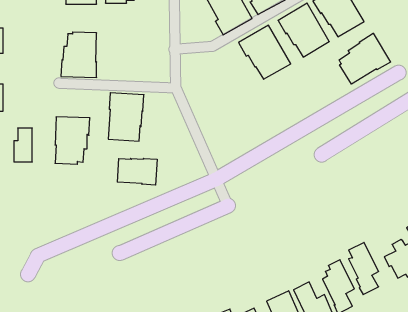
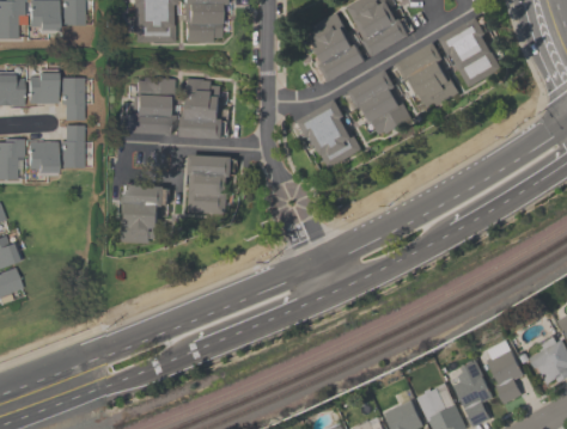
building: none -> [61,78,84,121]
building: none -> [181,78,224,137]
building: [339,33,391,84] -> none
building: none -> [299,99,362,166]
building: [14,128,32,162] -> [60,125,83,167]
building: [117,158,157,185] -> none

